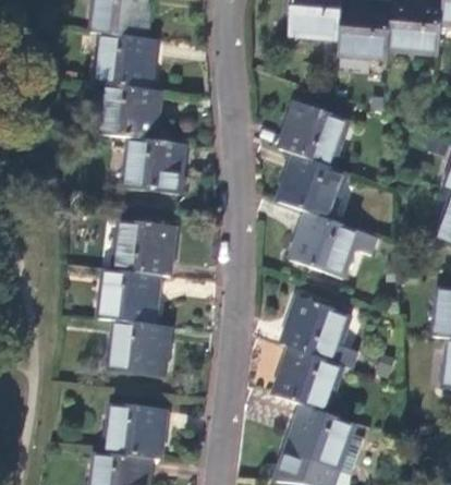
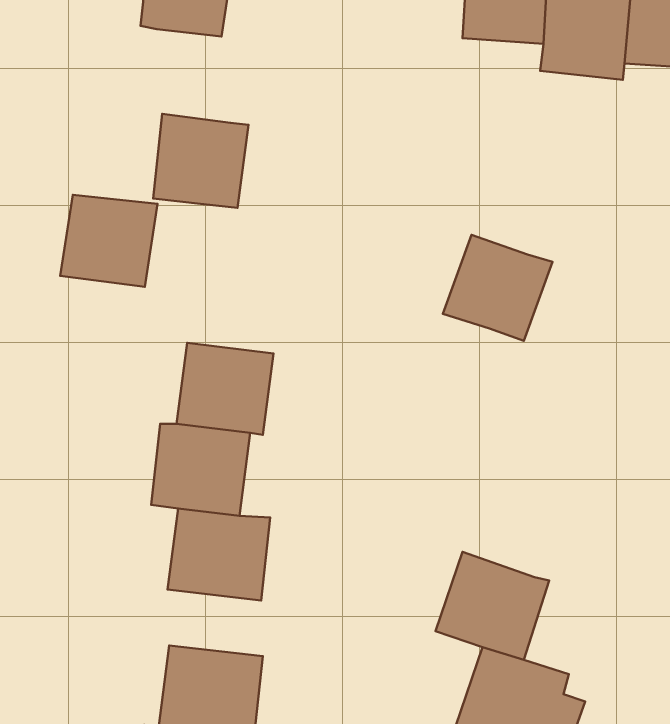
building: [96,31,156,87] -> none
building: [278,102,344,167] -> none
building: [124,136,183,192] -> [60,195,157,287]
building: [289,211,377,277] -> none
building: [279,296,349,362] -> none

